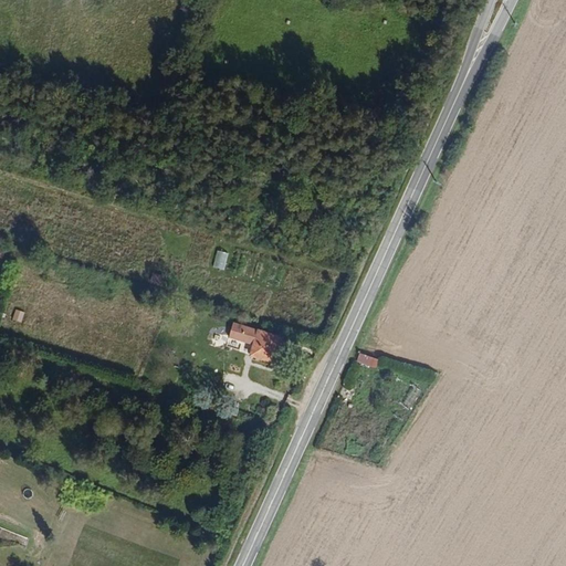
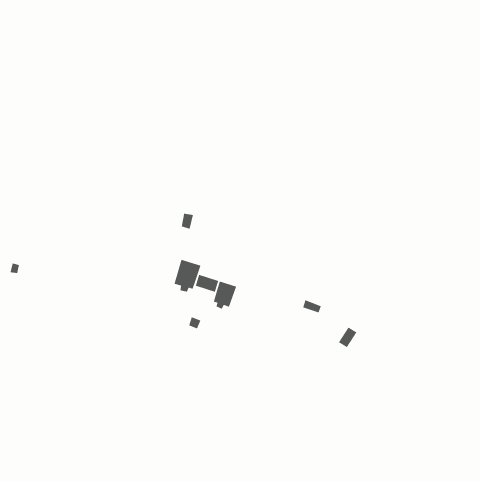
building: none -> [174,259,201,292]

